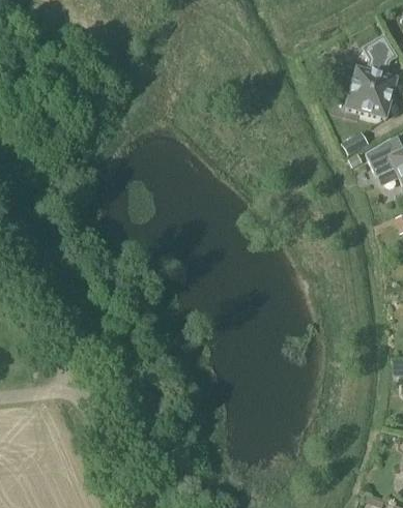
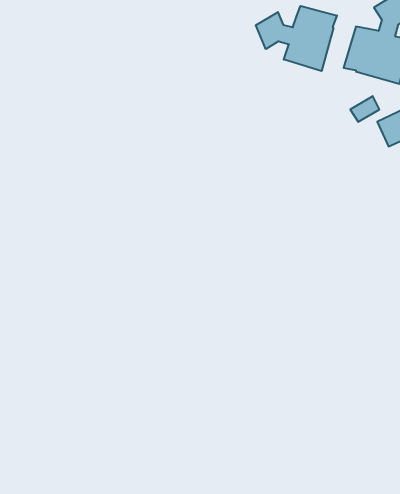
building: none -> [256,6,337,71]

